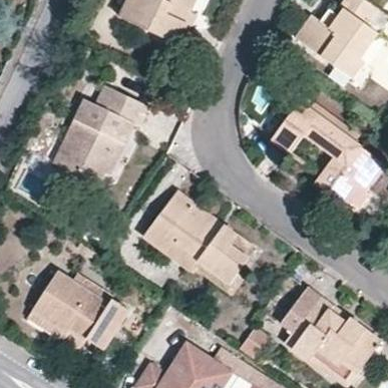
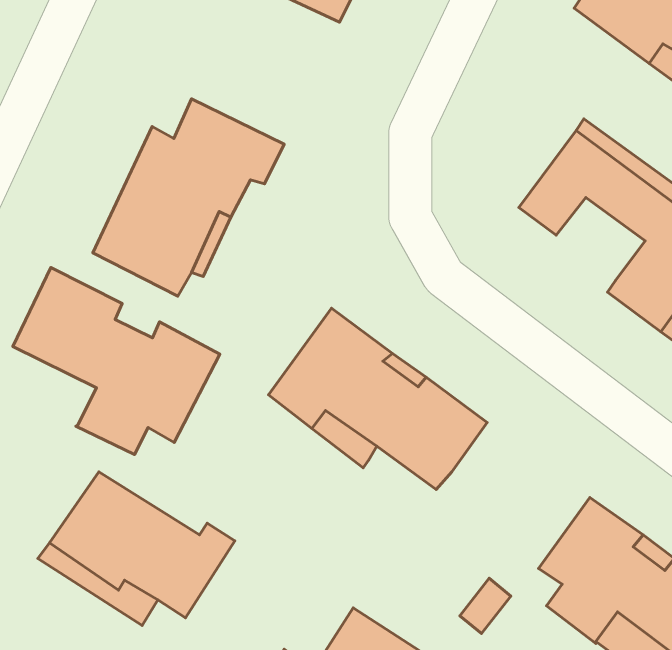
building: none -> [13,267,220,455]

